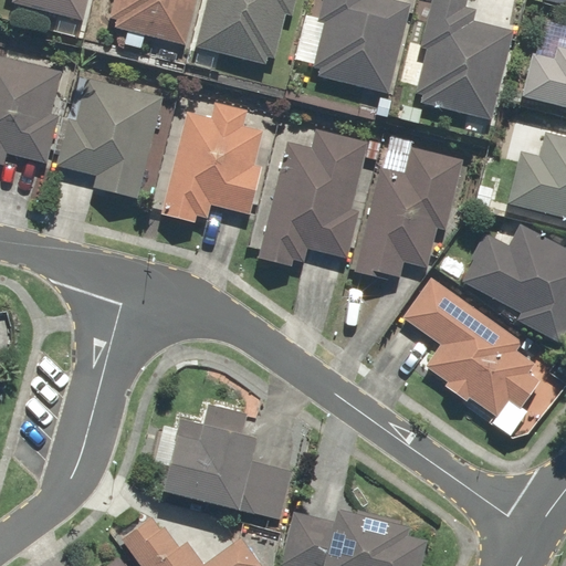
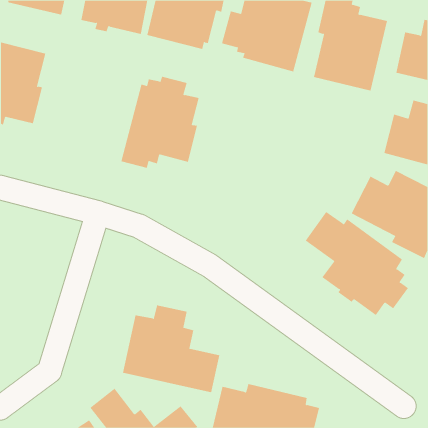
building: [55,77,160,197] -> none
building: [258,117,368,266] -> none
building: [354,134,464,275] -> none

